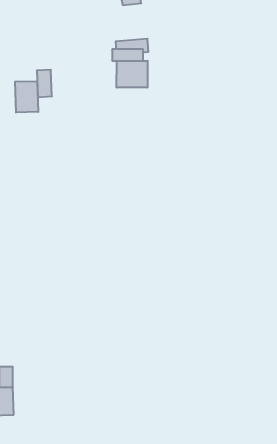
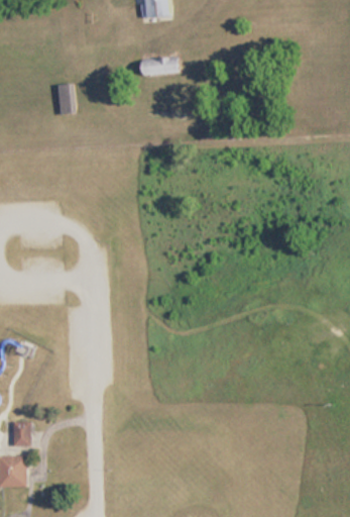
building: [117,61,148,88] -> none
building: [15,81,38,113] -> none

